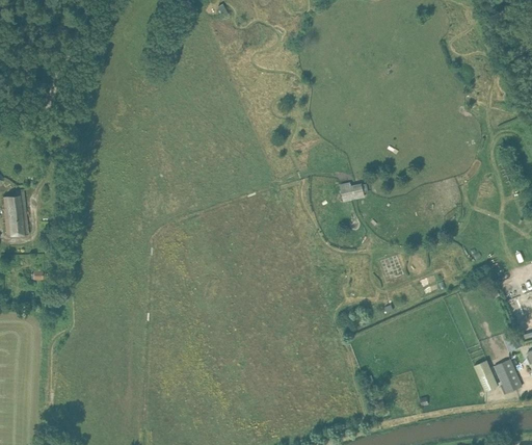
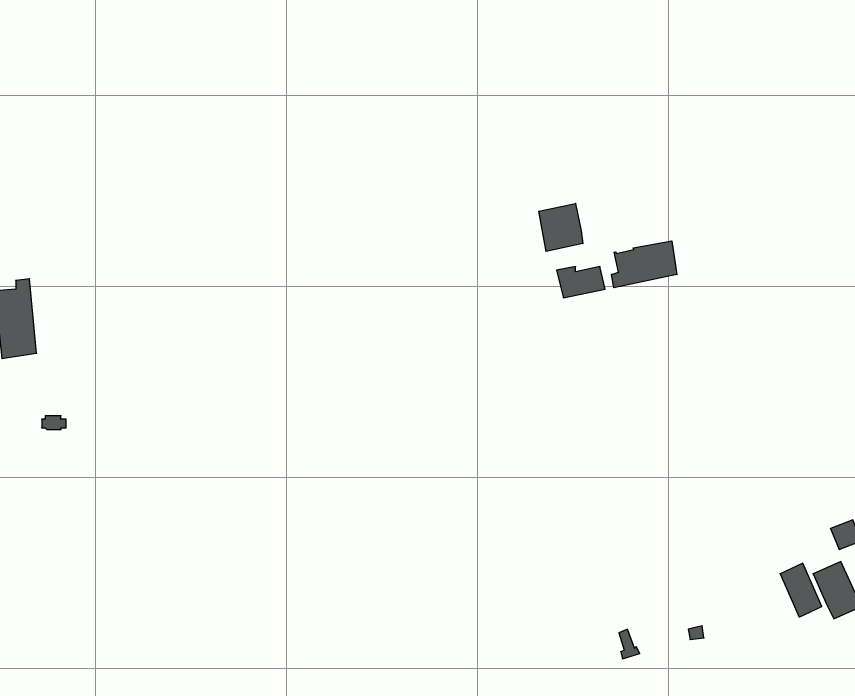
building: none -> [539,203,583,251]
building: none -> [611,241,677,288]

